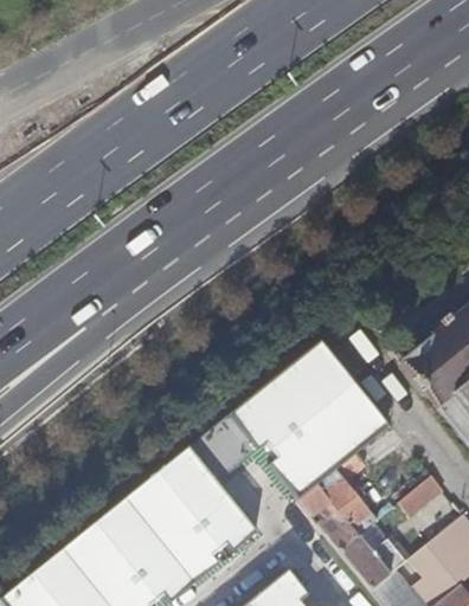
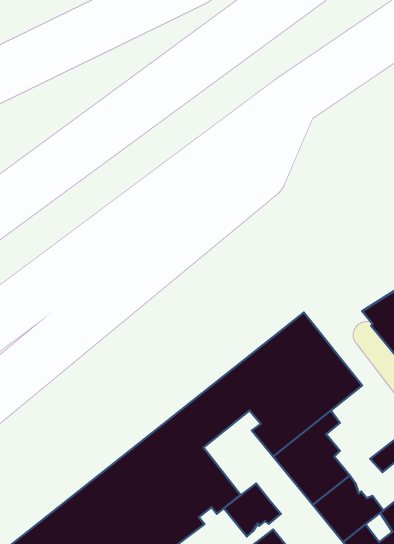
building: none -> [224,483,281,537]

